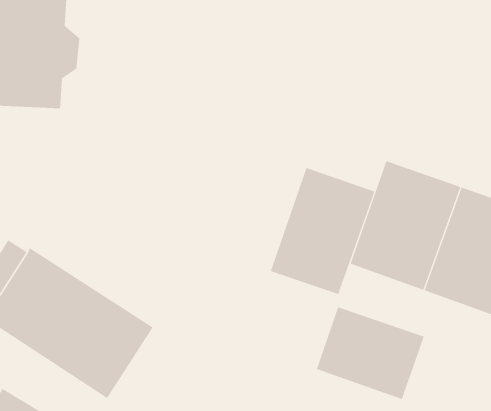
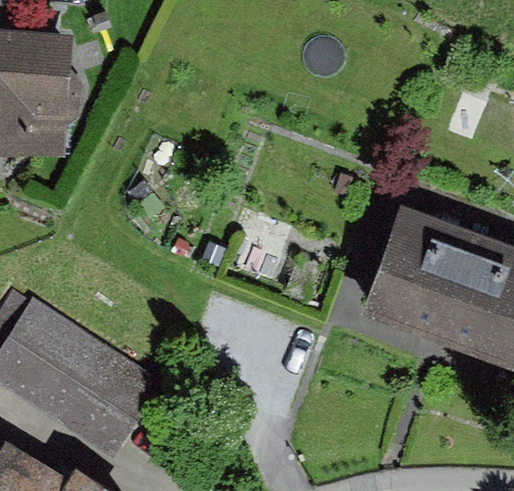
building: [270,167,375,295] -> none
building: [316,307,424,400] -> none

